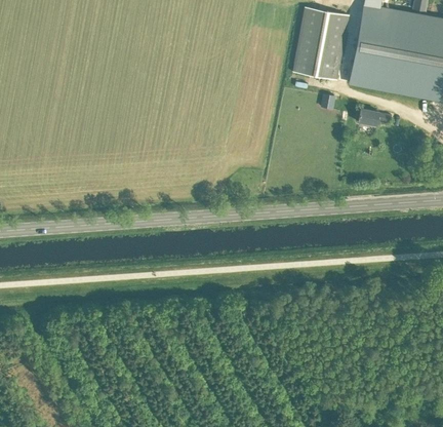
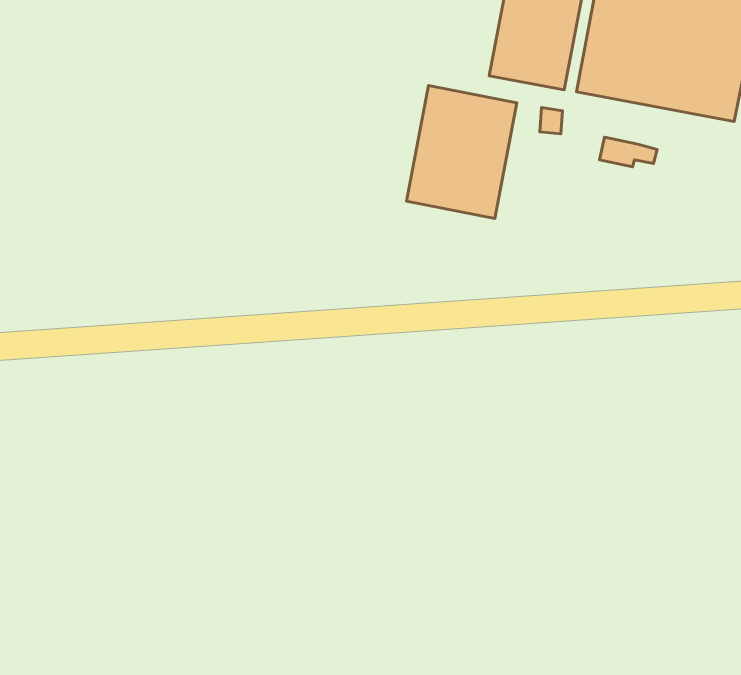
building: none -> [406,86,517,218]

